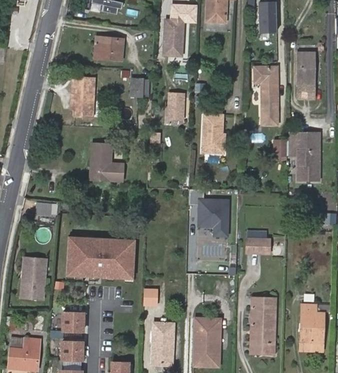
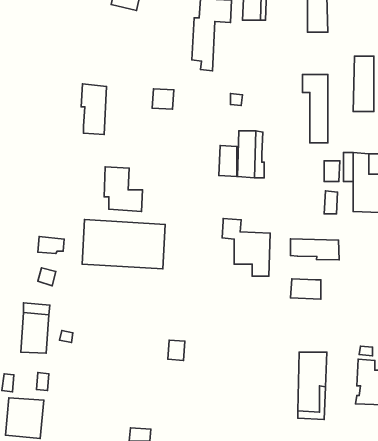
building: [96,37,123,60] -> none
building: [168,93,183,119] -> [219,145,237,177]
building: none -> [290,239,339,260]
building: [67,236,136,277] -> [82,220,165,269]
building: [64,311,85,330] -> none
building: [195,318,220,365] -> none
building: [152,323,173,365] -> none
building: [63,340,84,359] -> none

